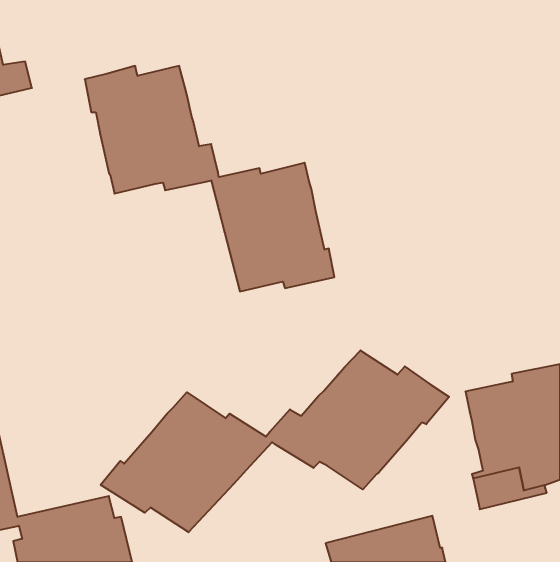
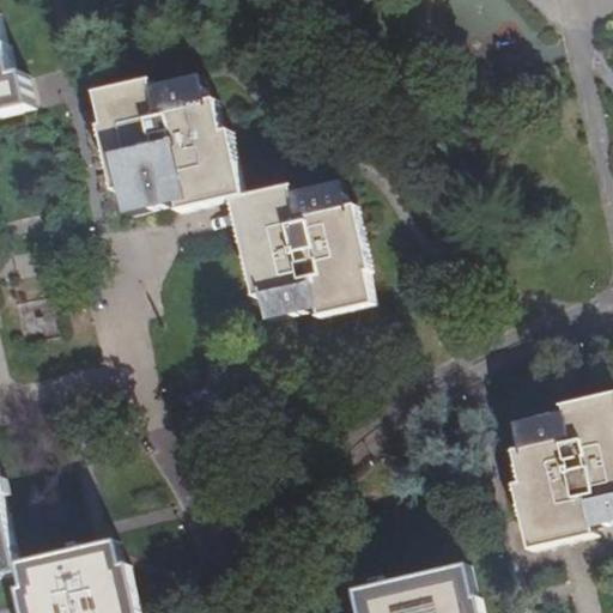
building: [101,350,449,532] -> none

